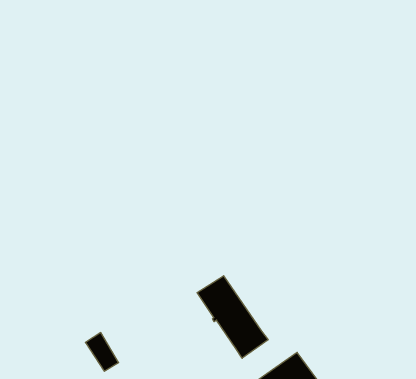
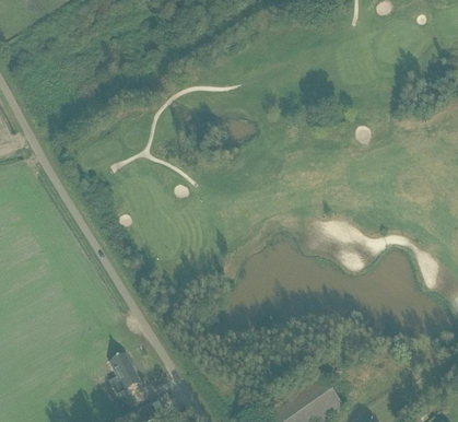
building: [197,276,268,358] -> none

